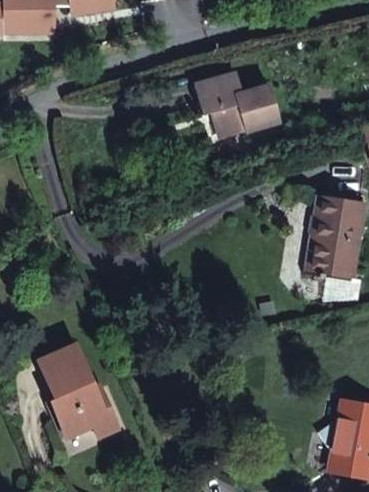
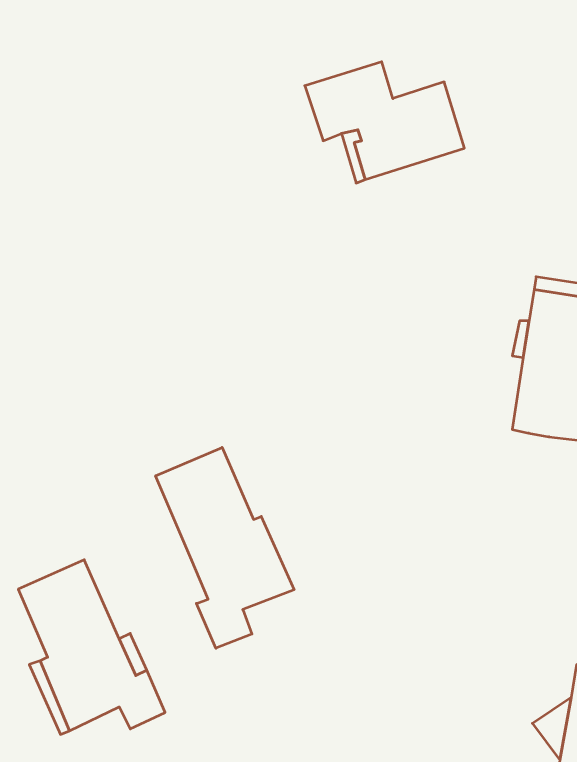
building: none -> [156,447,294,648]

